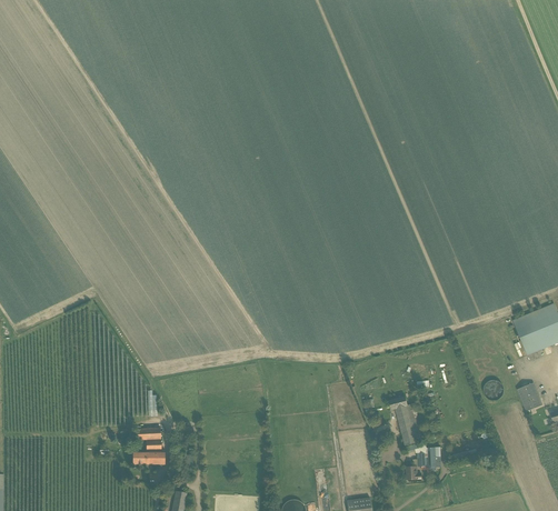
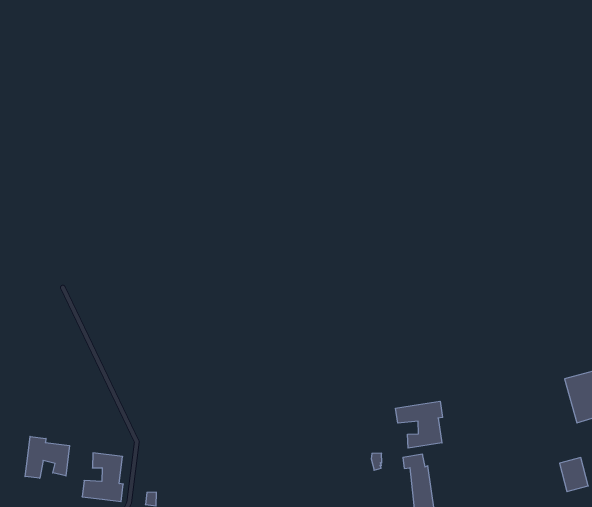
building: none -> [396,401,443,448]
building: none -> [25,436,70,478]

